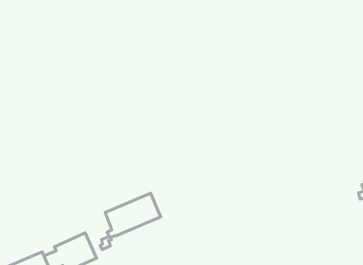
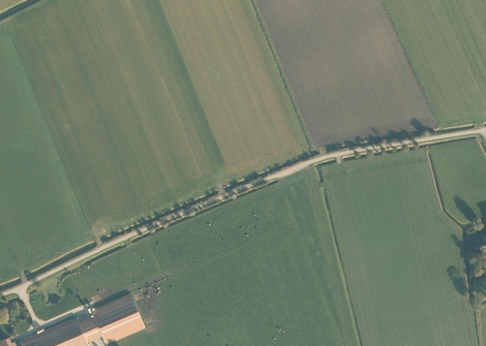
building: [100,193,161,250] -> none

